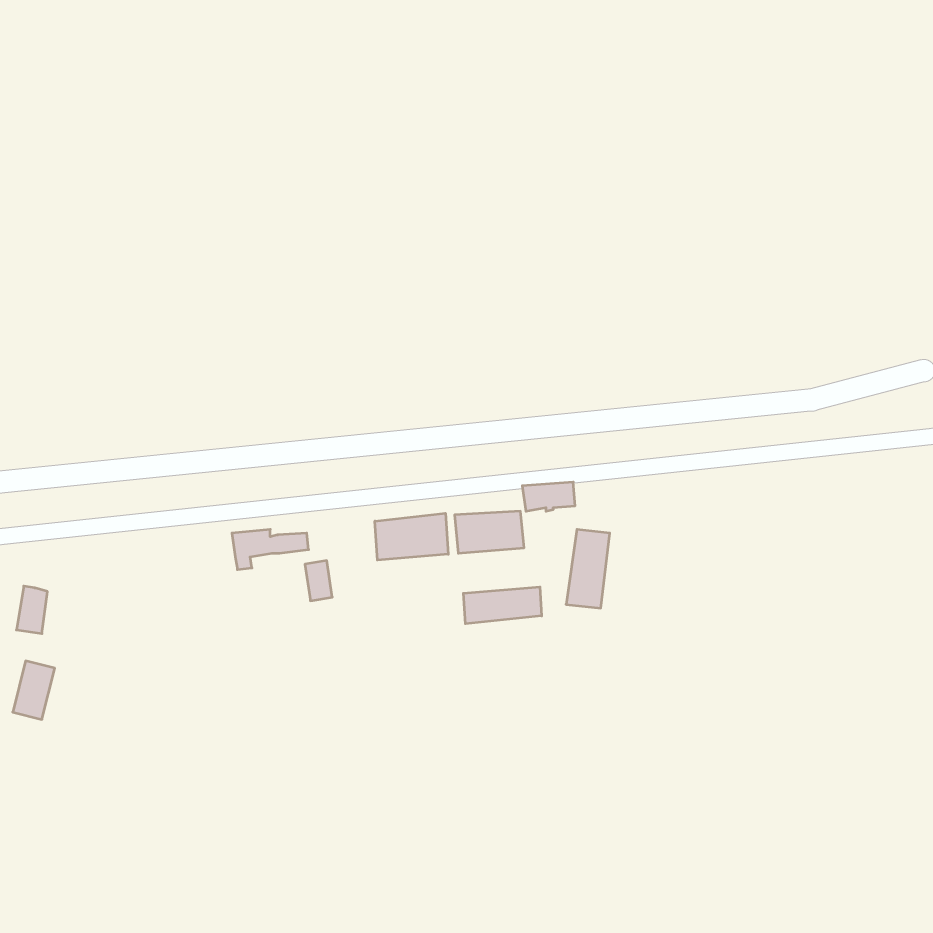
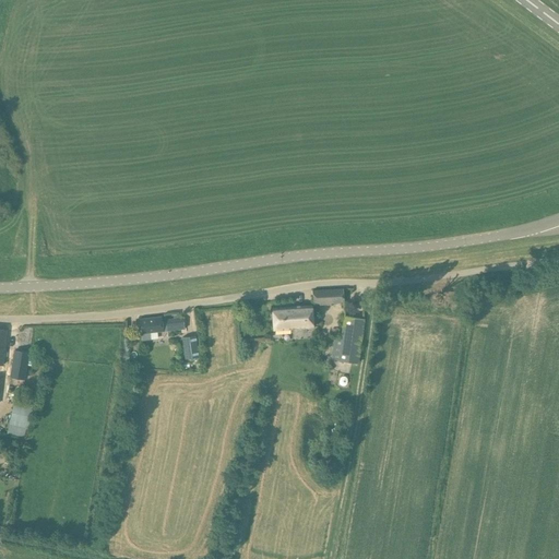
building: [375,513,448,560] -> none
building: [463,587,542,624] -> none

